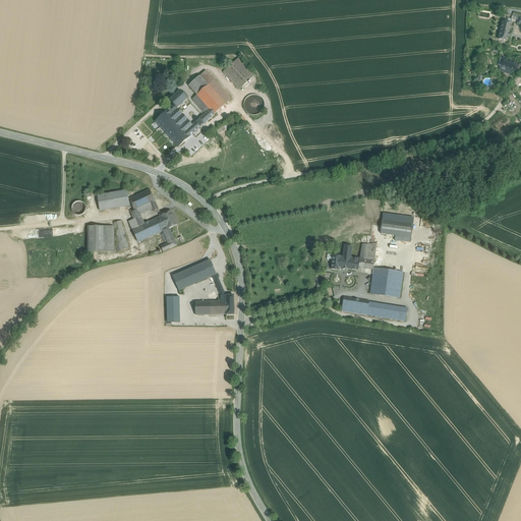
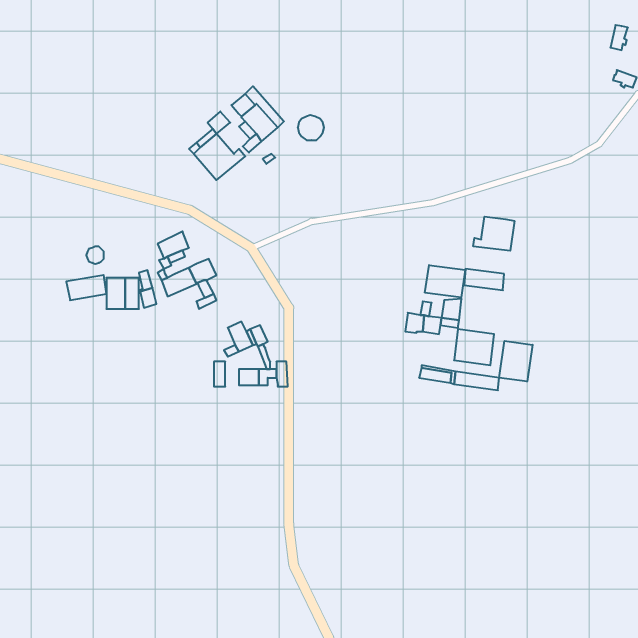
building: [222,58,252,89] -> none
building: none -> [473,217,514,251]
building: [96,189,128,210] -> [66,275,106,300]
building: none -> [425,265,465,298]
building: none -> [499,341,533,382]

